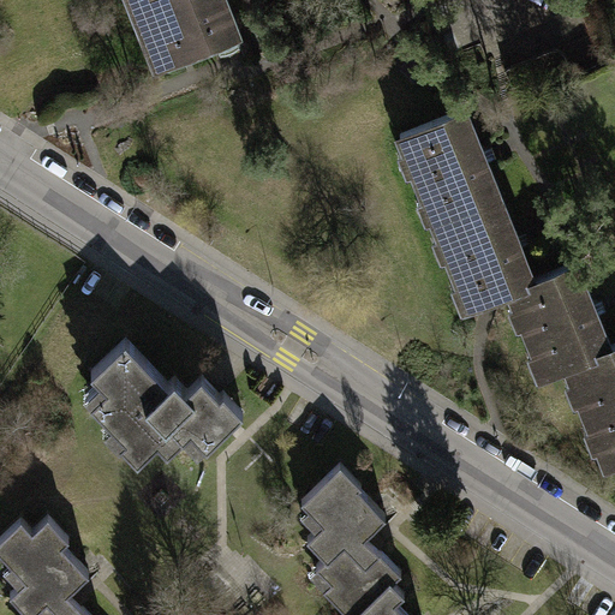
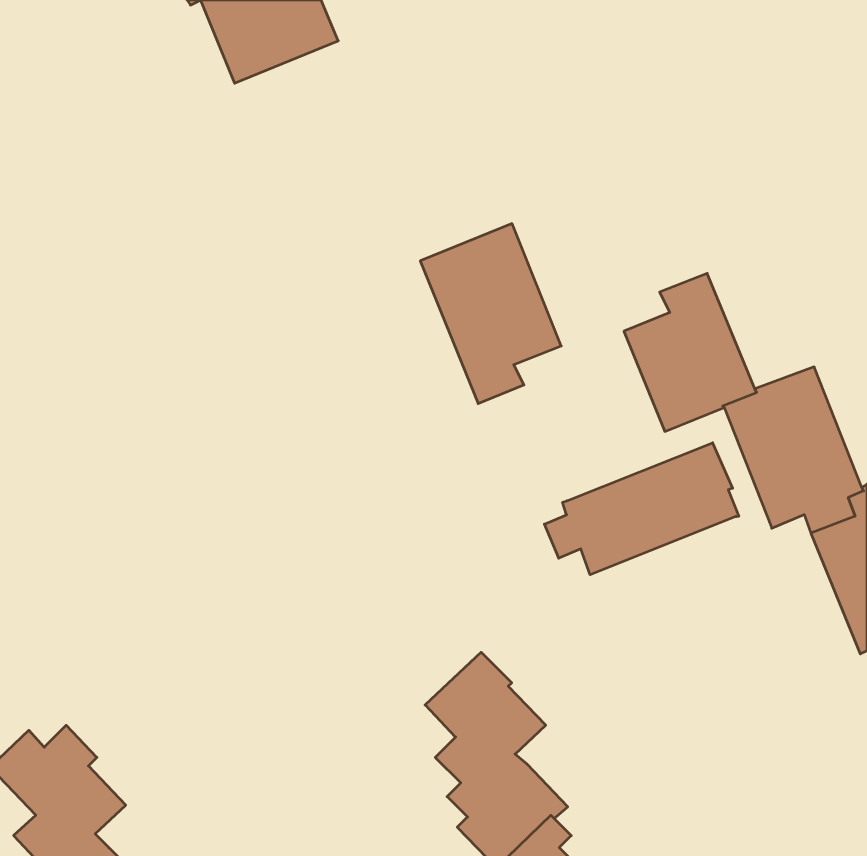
building: [400,115,500,243] -> [420,224,561,404]
building: none -> [544,443,739,575]
building: [90,345,243,466] -> none

